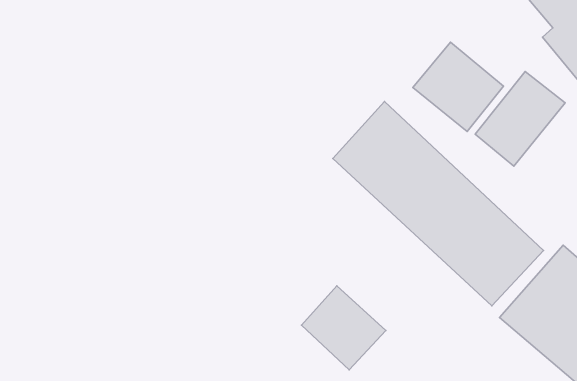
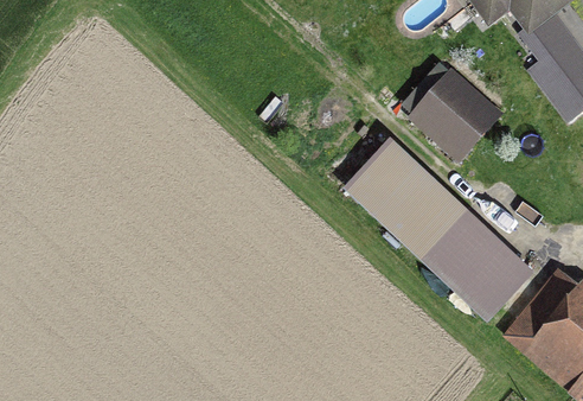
building: [475,71,565,166] -> none
building: [301,286,386,370] -> none

